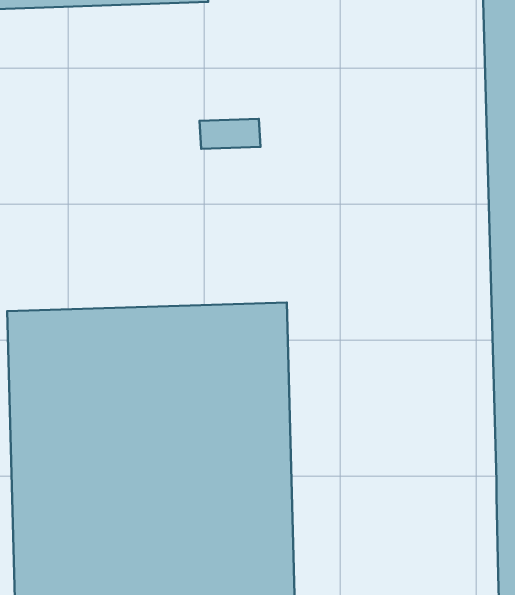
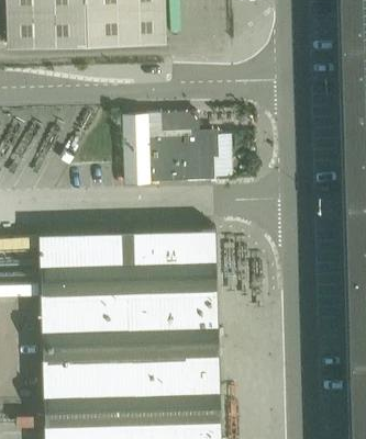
building: none -> [124,116,233,183]

